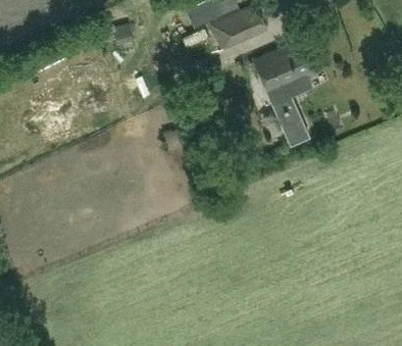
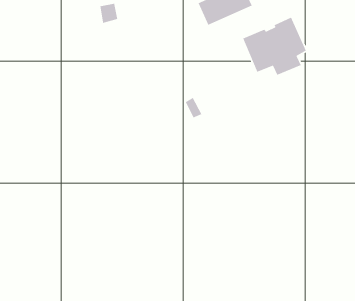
building: [277,108,308,146] -> none

